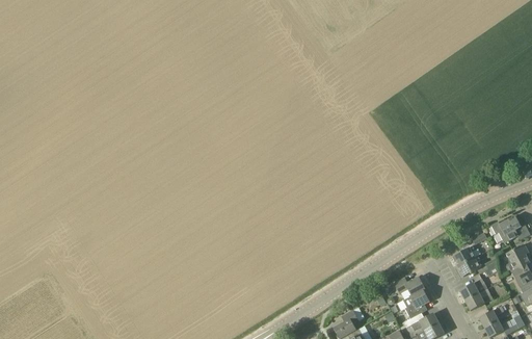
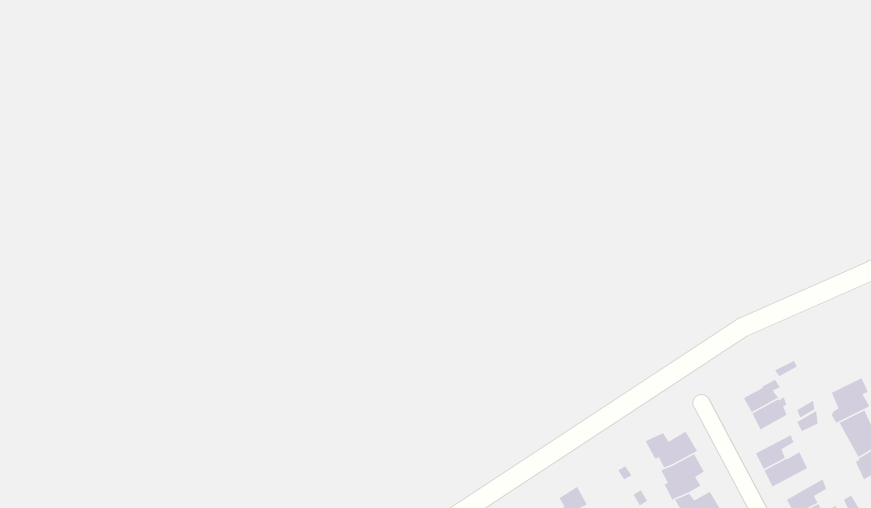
building: [493,215,522,242] -> none

